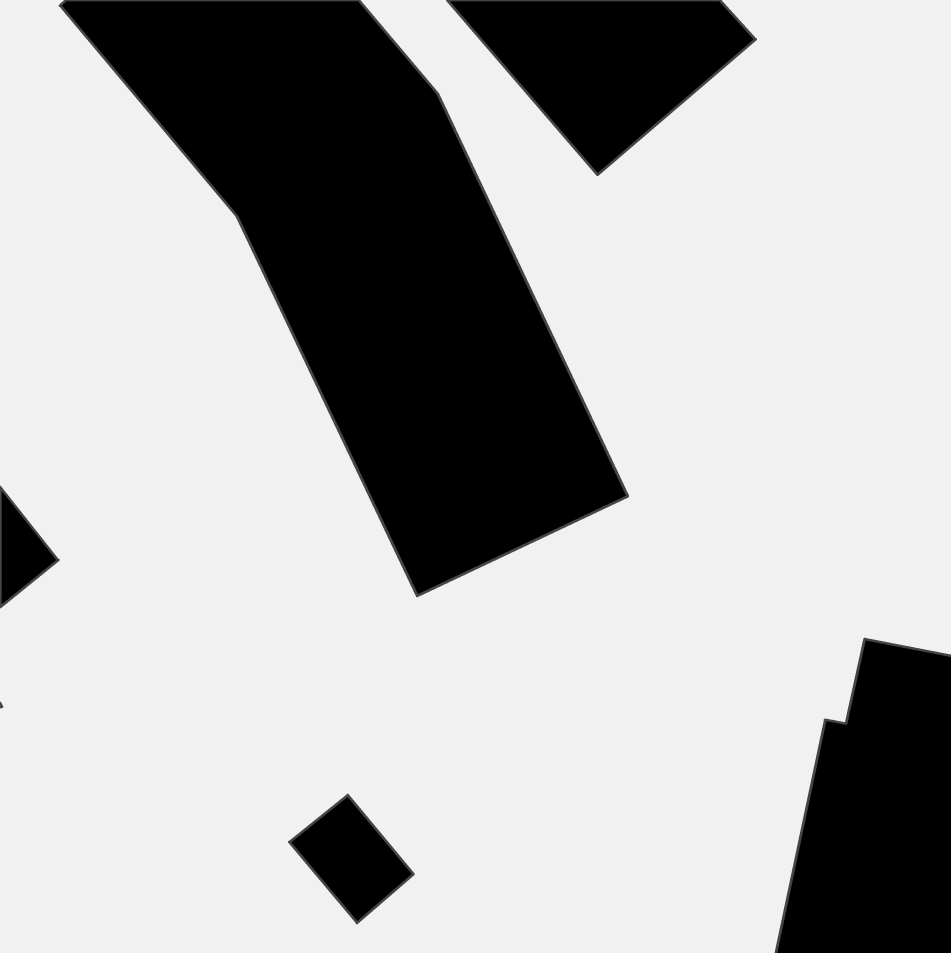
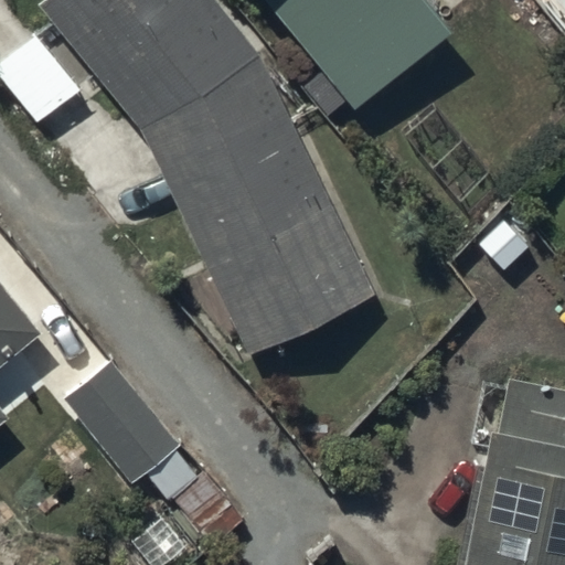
building: none -> [64,360,181,484]

